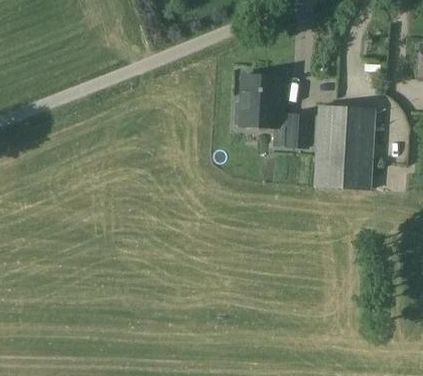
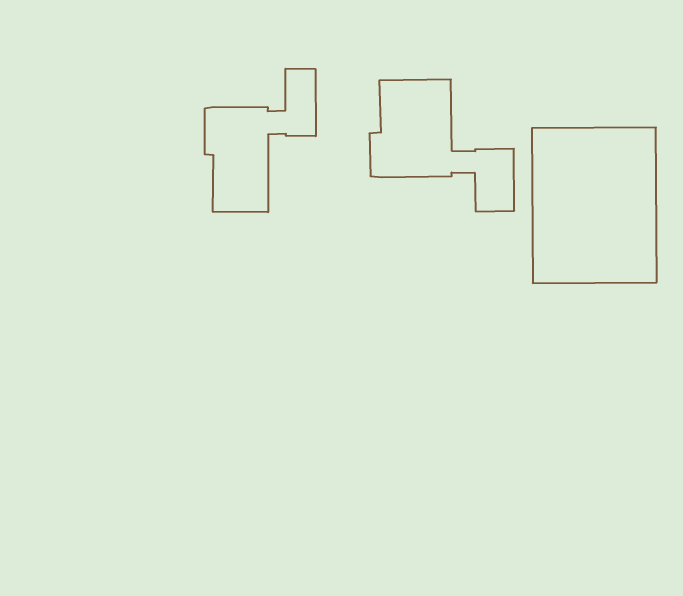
building: none -> [205,69,316,212]

